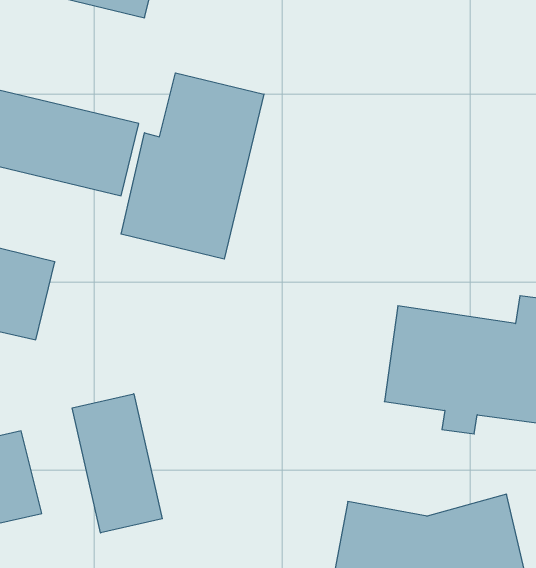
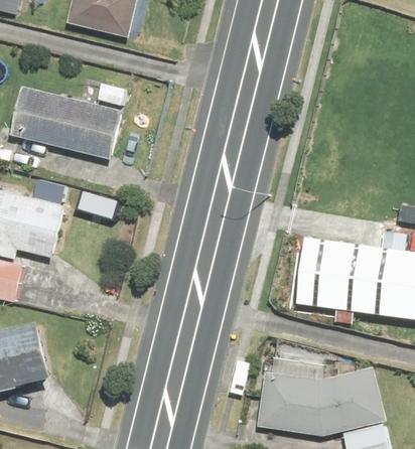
building: [121,73,264,259] -> none
building: [72,394,162,533] -> none

